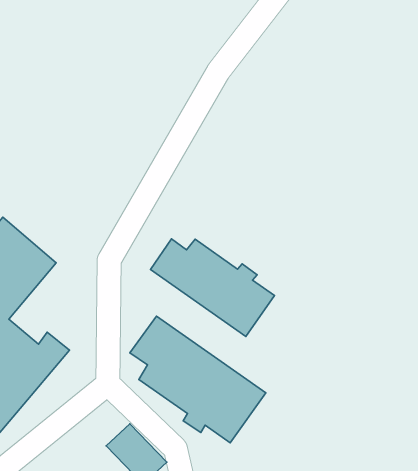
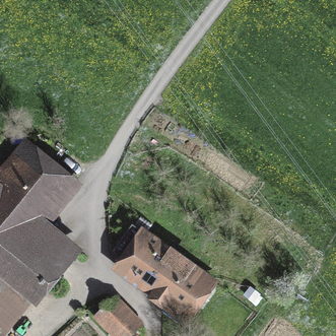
building: [151,239,275,336] -> none

